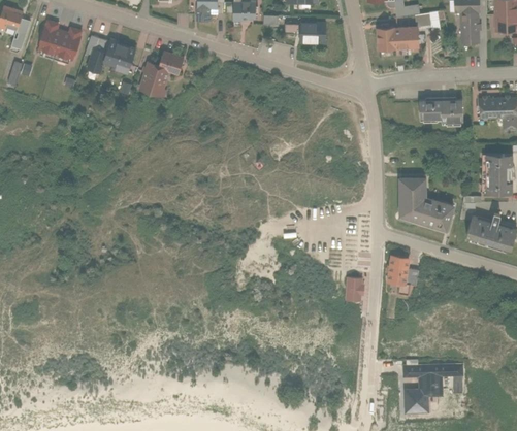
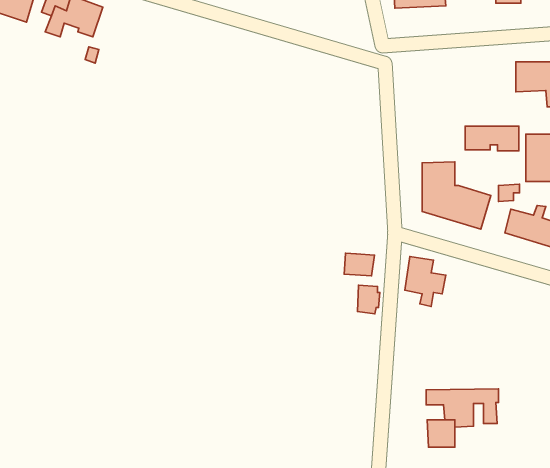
building: [138,54,183,98] -> none
building: [418,100,462,121] -> [465,126,519,151]
building: none -> [344,253,374,276]

